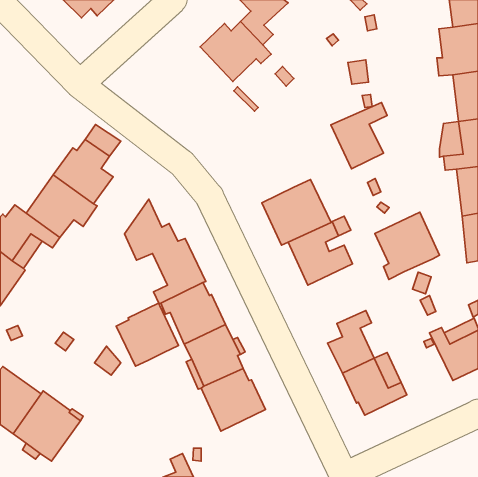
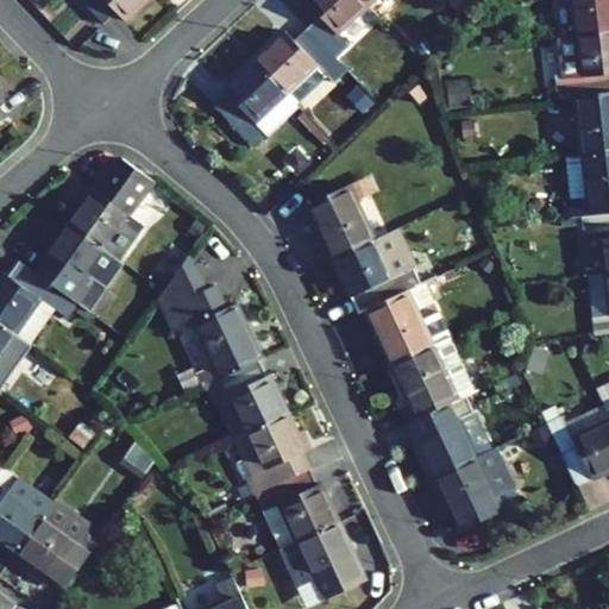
building: none -> [213,59,297,145]
building: [331,103,387,169] -> [307,174,378,258]
building: [375,212,439,279] -> [391,335,473,421]
building: [116,303,178,366] -> none
building: none -> [281,521,360,596]

